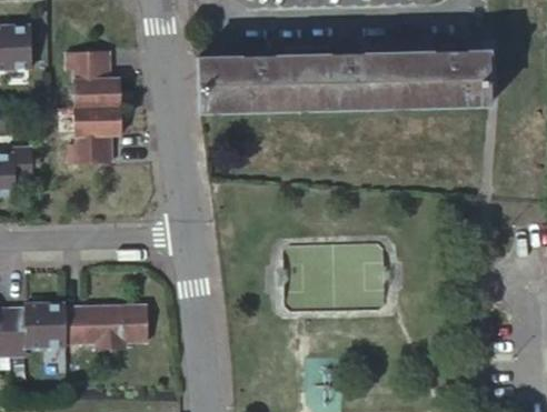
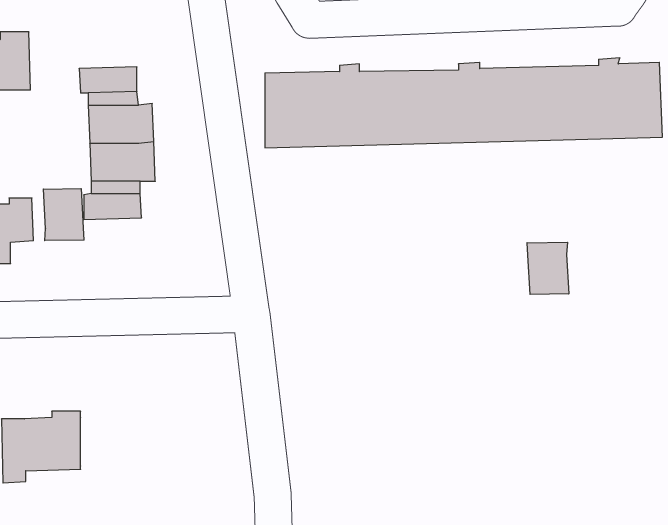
building: none -> [43,189,84,241]
building: none -> [527,242,569,294]
building: [67,308,147,352] -> none

